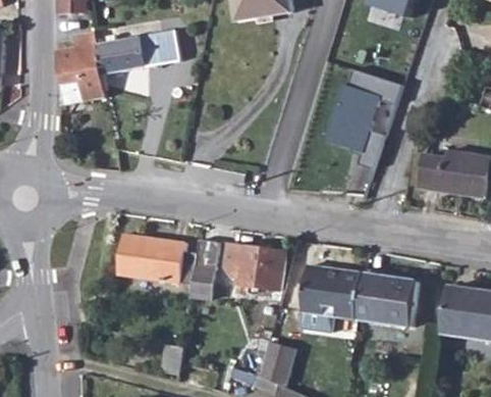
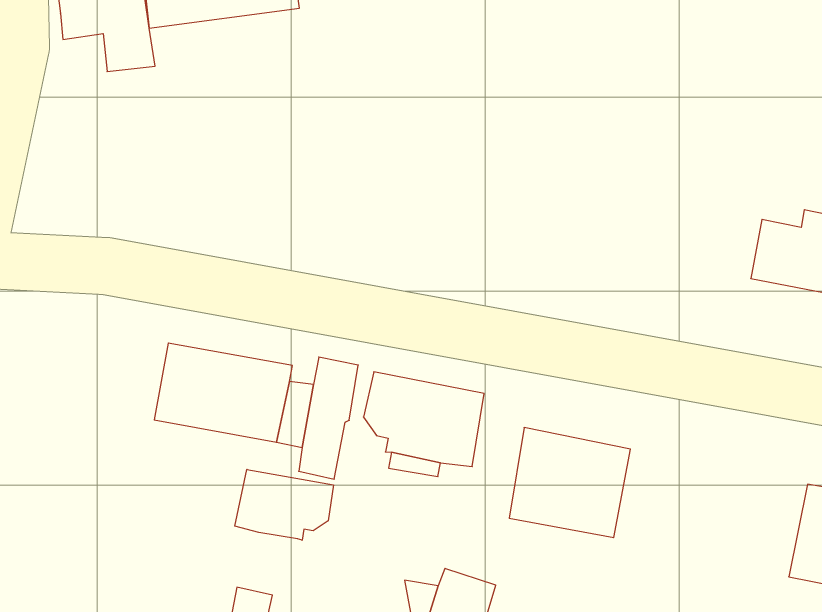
building: [326,73,402,170] -> none
building: [356,276,417,329] -> none
building: none -> [235,469,333,540]

